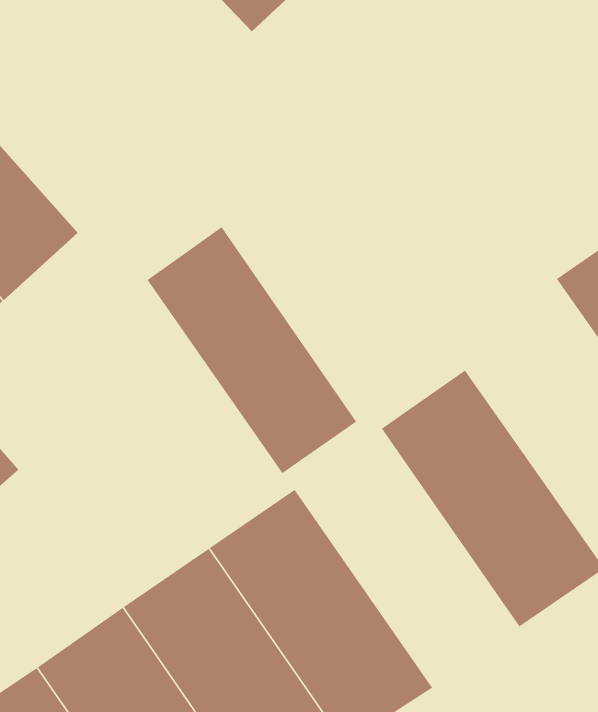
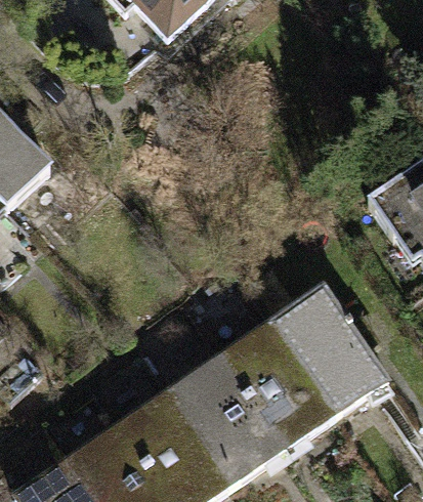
building: [147,226,357,474] -> none
building: none -> [211,308,355,475]

